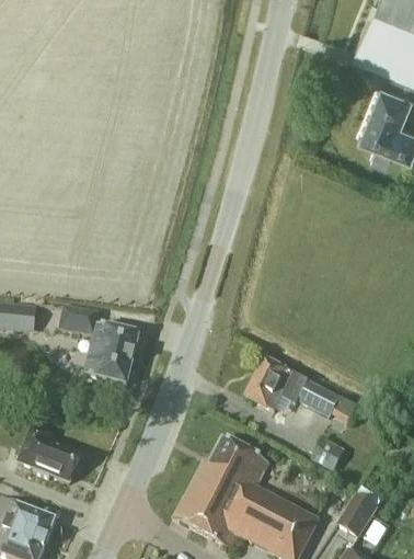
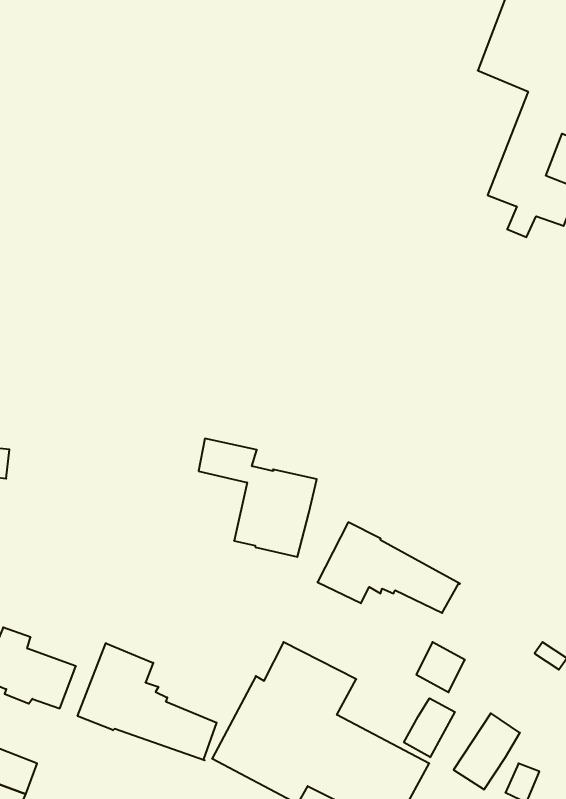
building: [61,305,141,385] -> [199,439,317,557]
building: none -> [78,643,217,760]
building: none -> [404,698,455,757]

